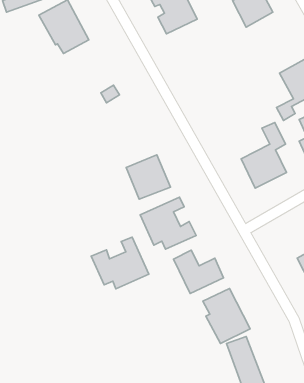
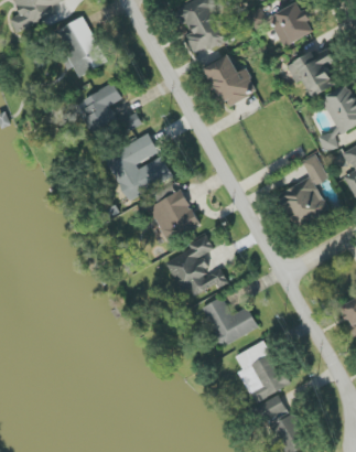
building: none -> [287,46,336,98]
building: none -> [204,55,257,108]
building: none -> [80,83,121,136]
building: none -> [104,134,172,201]
building: [91,237,149,289] -> none

